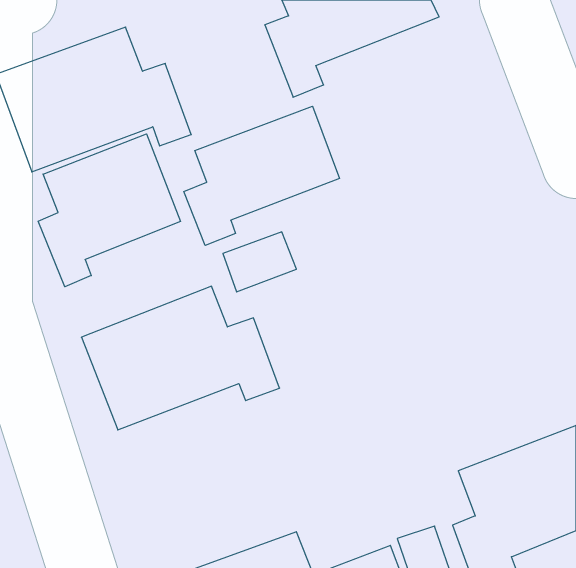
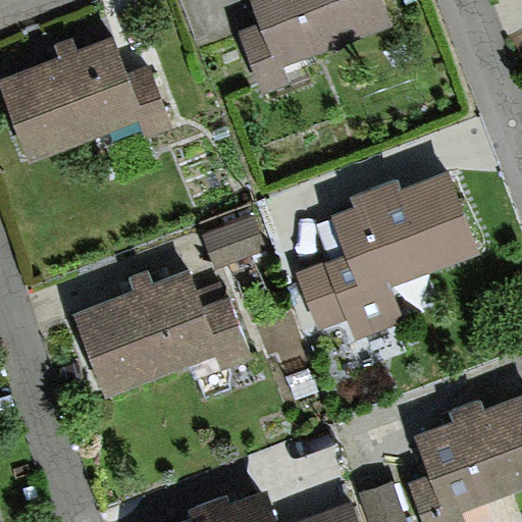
building: [184,106,340,245] -> none
building: [38,134,181,287] -> none
building: none -> [295,168,480,342]

